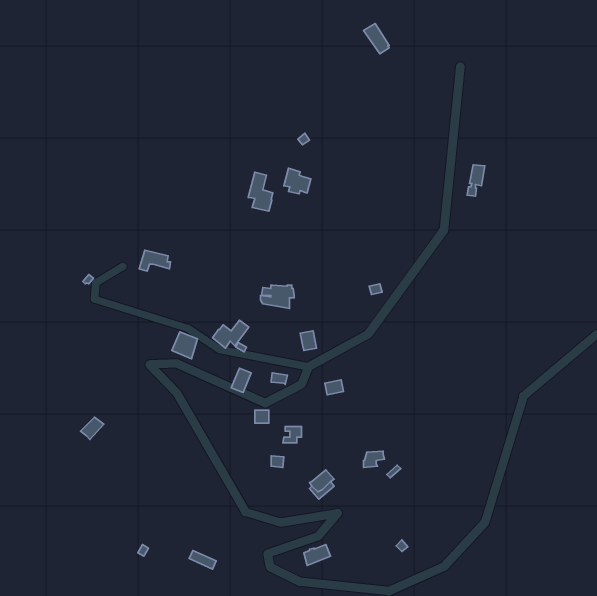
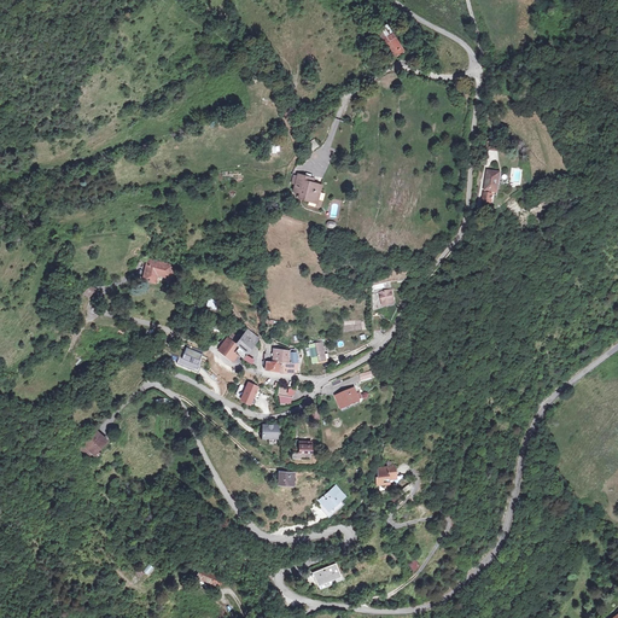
building: [248,172,273,211] -> none
building: [260,285,294,308] -> [263,349,298,373]

